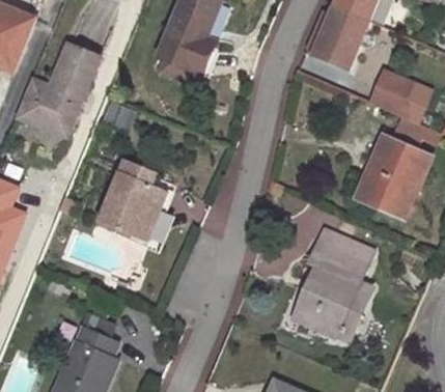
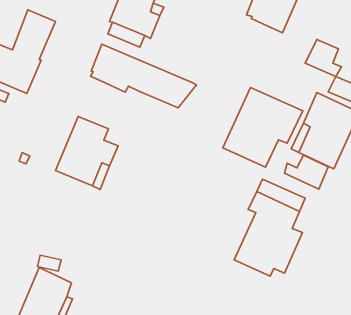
building: none -> [91,44,196,108]
building: none -> [223,87,303,167]
building: none -> [284,155,328,189]

